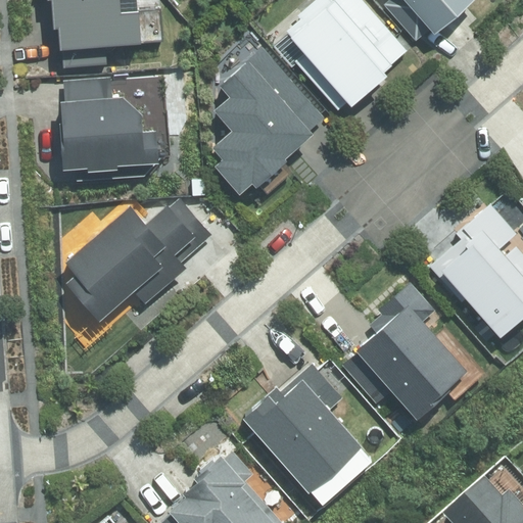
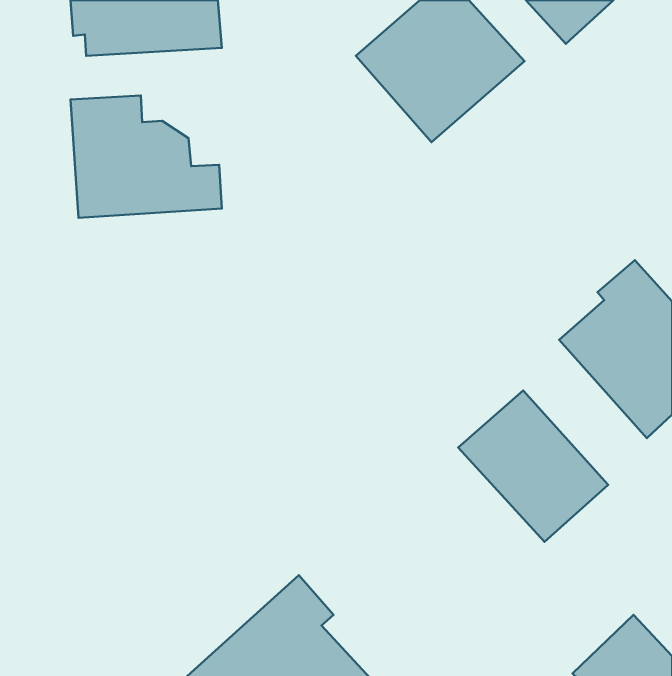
building: [208,46,321,197] -> none
building: [66,194,211,318] -> none
building: [244,371,378,507] -> none

